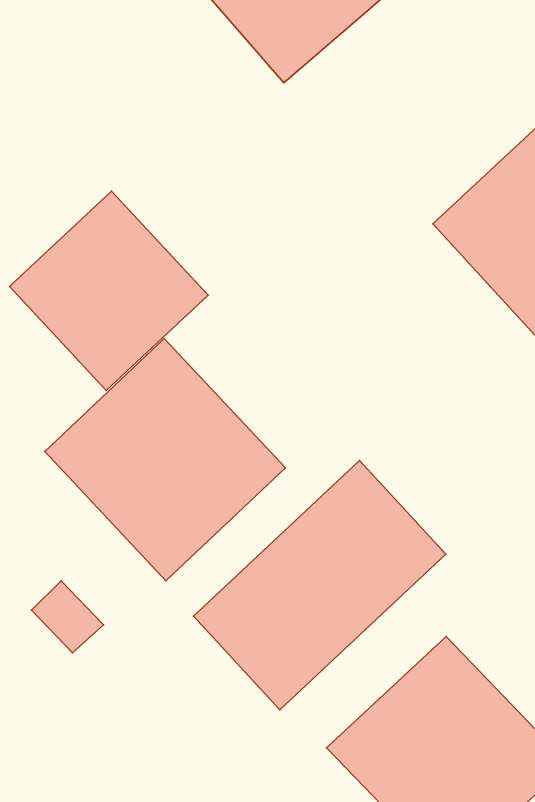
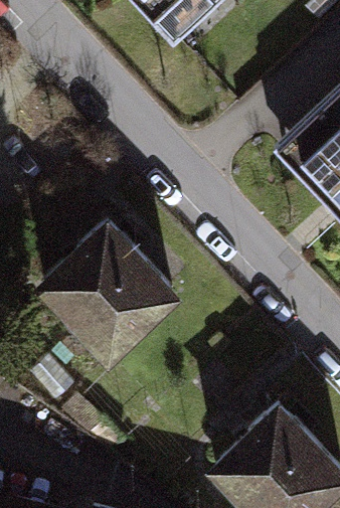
building: [10,191,208,391] -> none
building: [193,461,446,710] -> none

